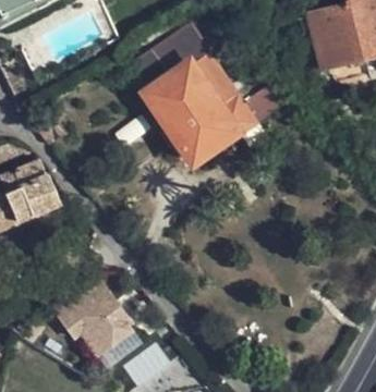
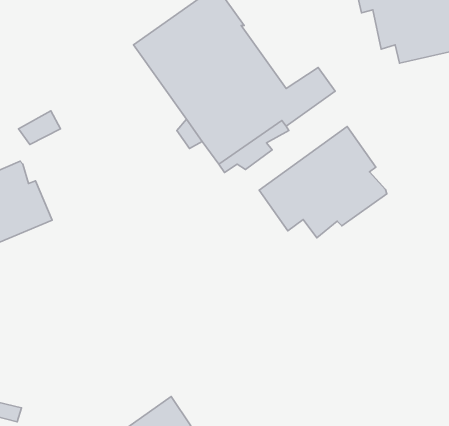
building: none -> [259,127,387,238]
building: [54,291,132,357] -> none

